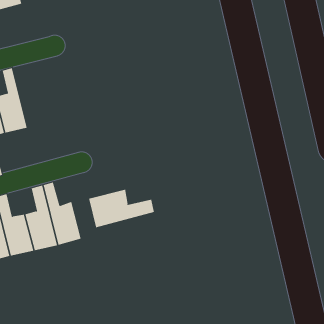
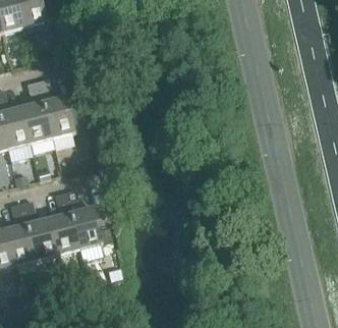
building: none -> [38,77,75,138]
building: [89,189,155,228] -> none

